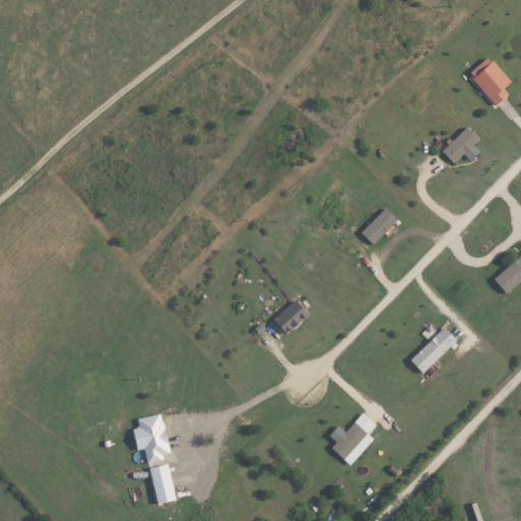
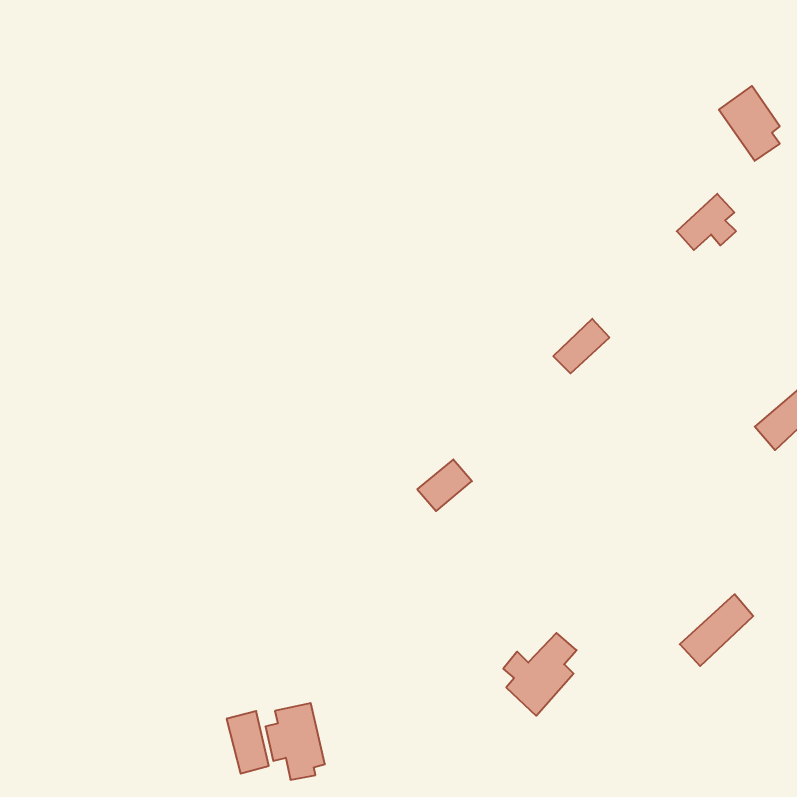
building: [409,327,457,373] -> [680,594,753,666]
building: [131,413,170,463] -> [265,703,325,780]

